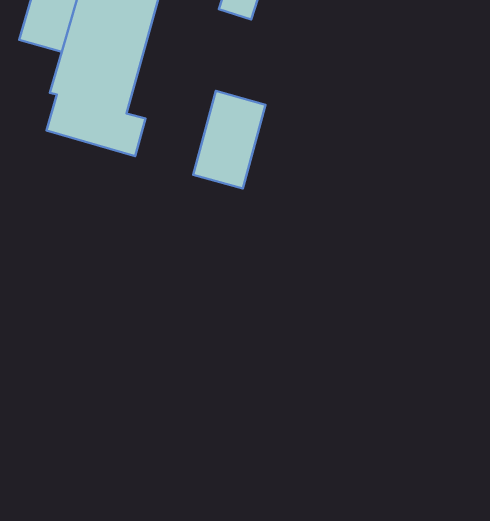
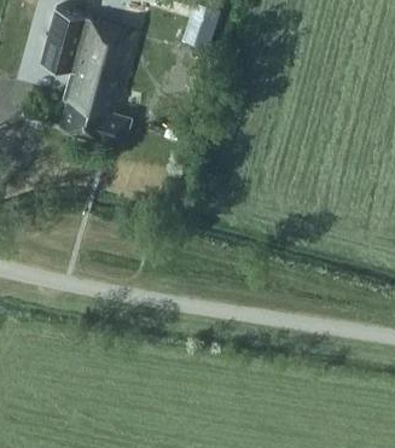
building: [193,91,266,189] -> none

